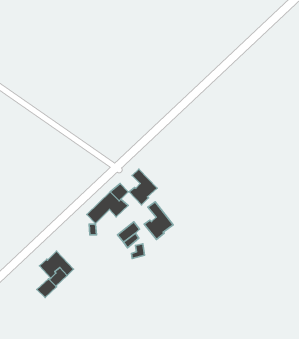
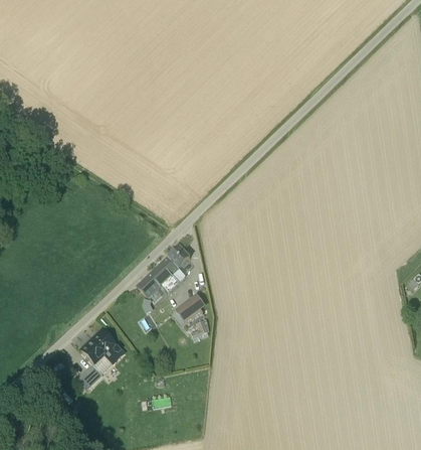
building: [129,169,157,205] -> none
building: [144,202,173,240] -> none

